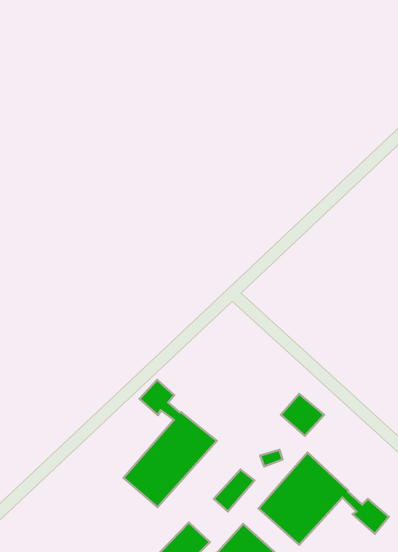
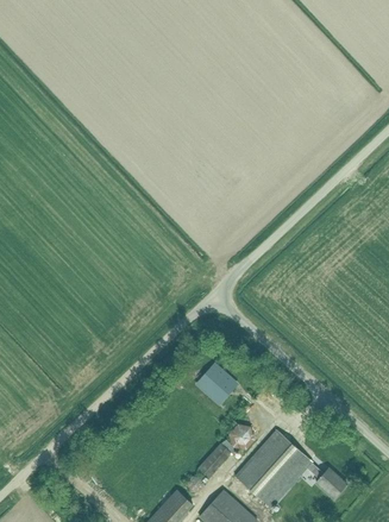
building: [123,380,217,507] -> none
building: [281,394,324,436] -> [199,366,236,402]

